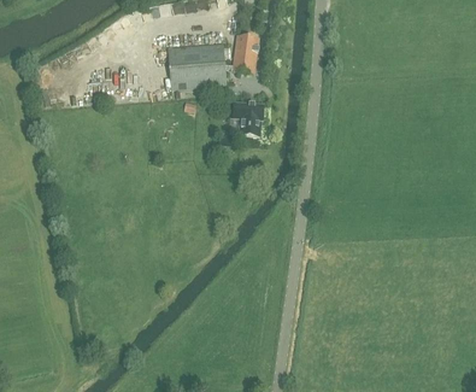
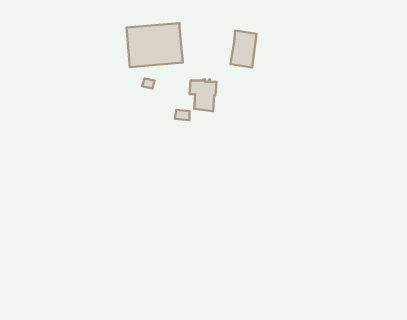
building: [231,34,259,74] -> [231,30,257,68]

